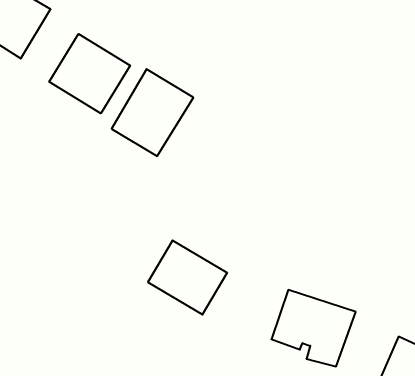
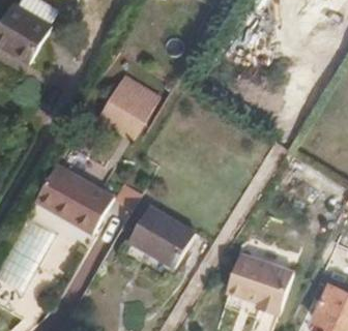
building: [49,34,130,113] -> none
building: none -> [35,165,112,236]

